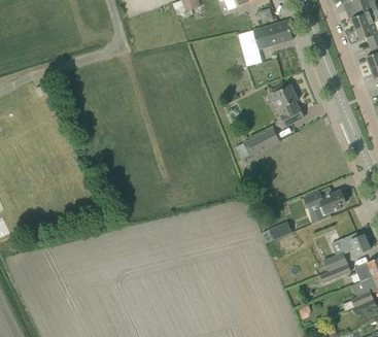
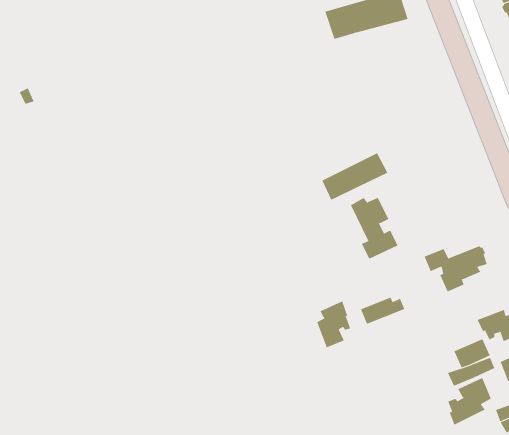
building: [273,85,305,126] -> [350,197,398,259]
building: none -> [317,301,351,348]
building: none -> [448,377,492,425]

